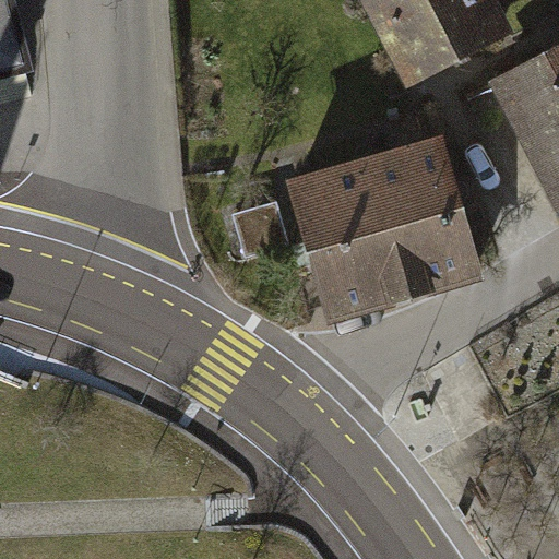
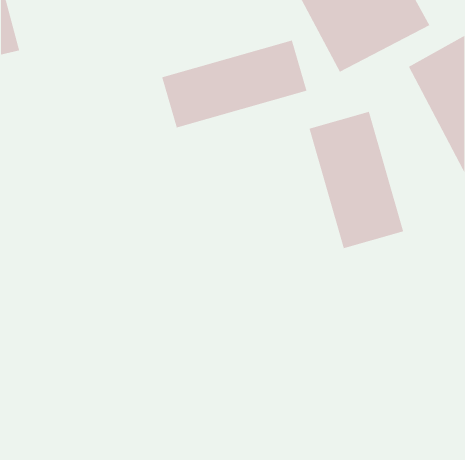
building: none -> [161,39,307,128]
building: [286,154,412,323] -> none

